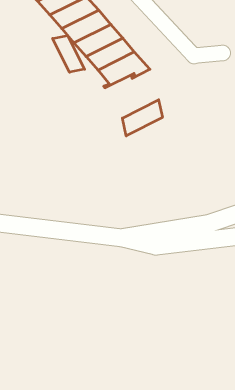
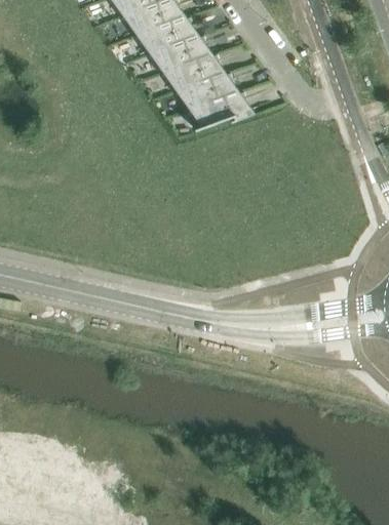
building: [53,35,85,72] -> none
building: [122,100,162,136] -> none

